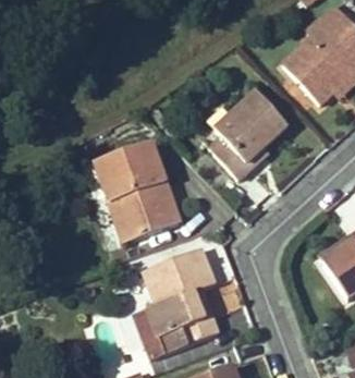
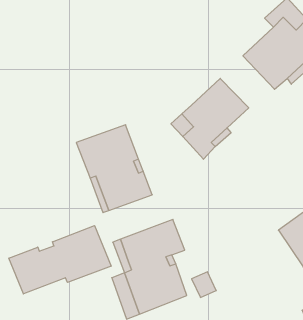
building: none -> [9,226,111,294]

